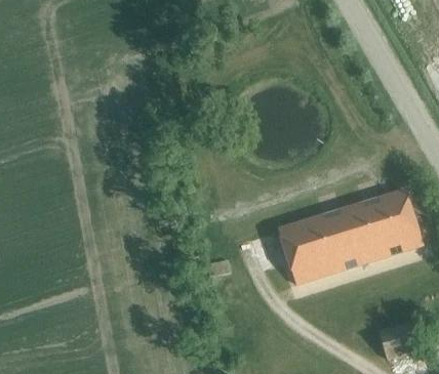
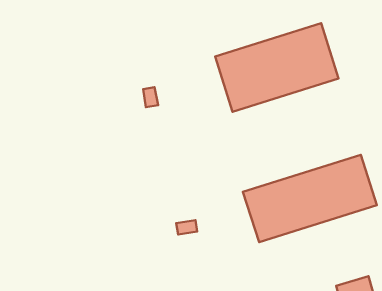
building: none -> [215,23,338,112]

